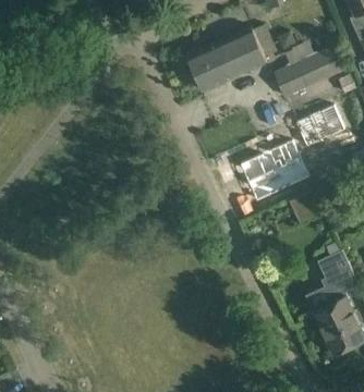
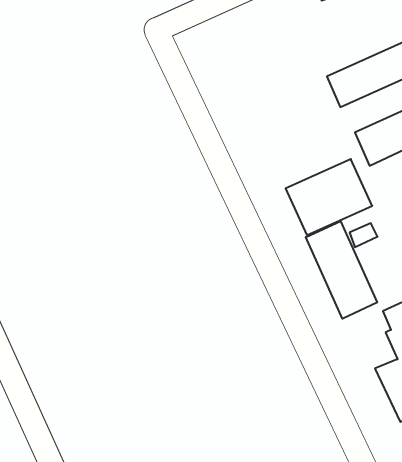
building: [187,26,277,93] -> none
building: none -> [306,221,377,319]

